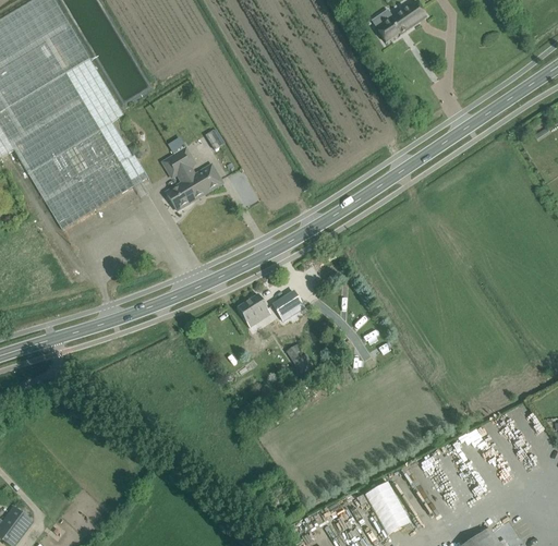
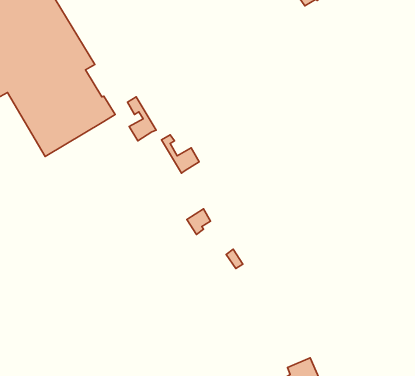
building: [174,147,221,195] -> [162,135,199,173]
building: [270,292,302,323] -> none

